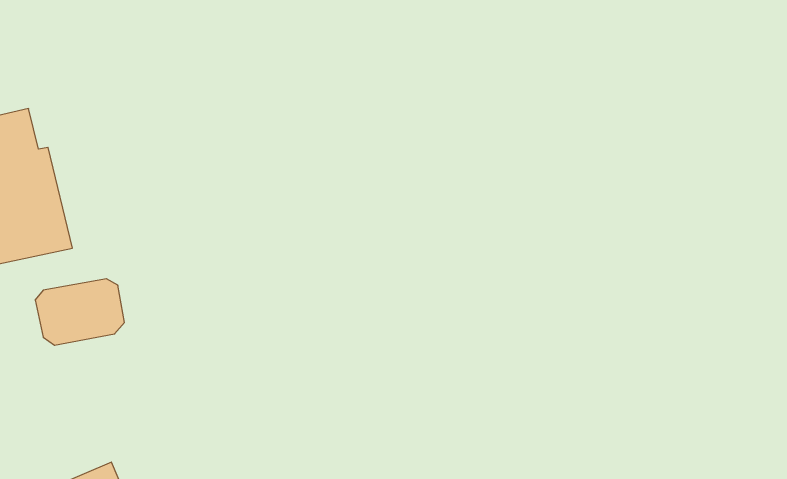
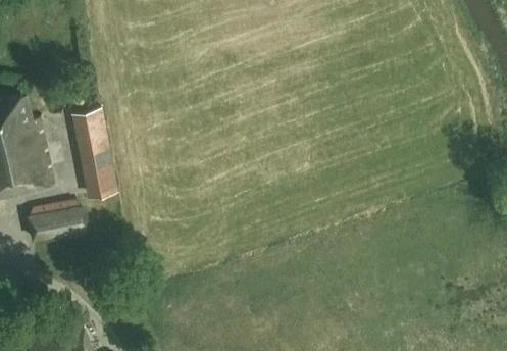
building: none -> [77,106,116,196]

